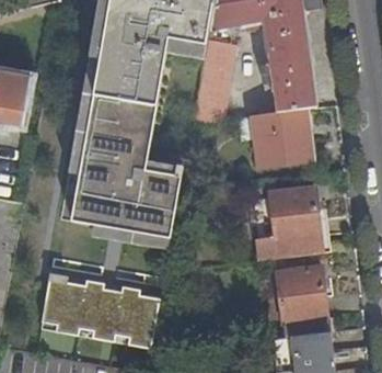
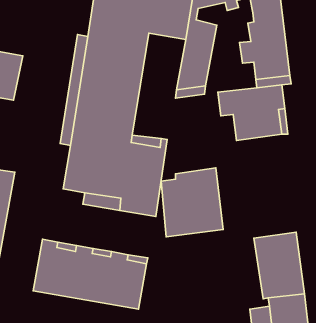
building: [254,185,320,259] -> [161,168,223,237]

